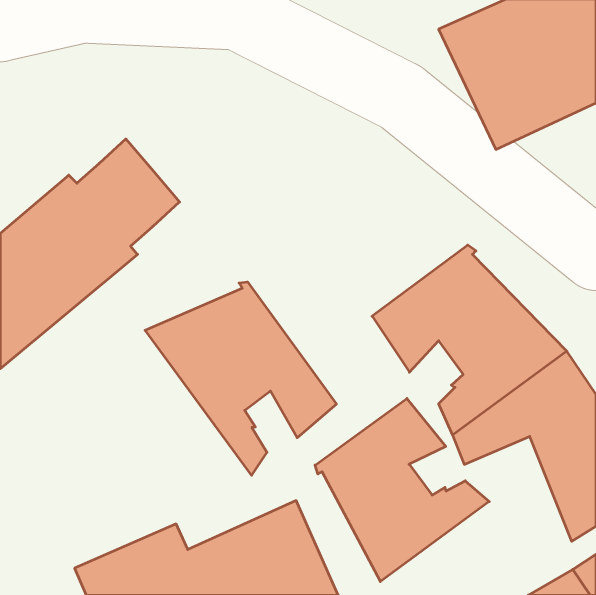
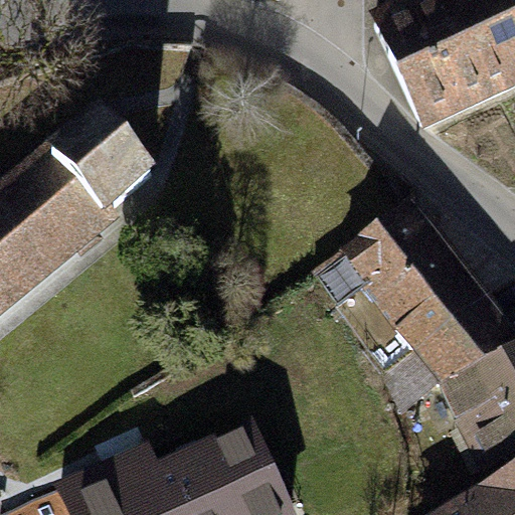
building: [145,282,336,475] -> none
building: [315,398,489,582] -> none

